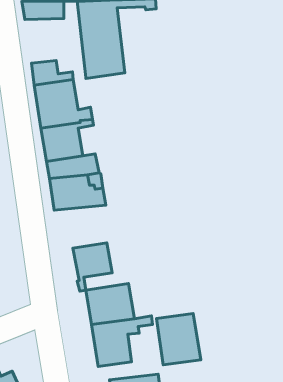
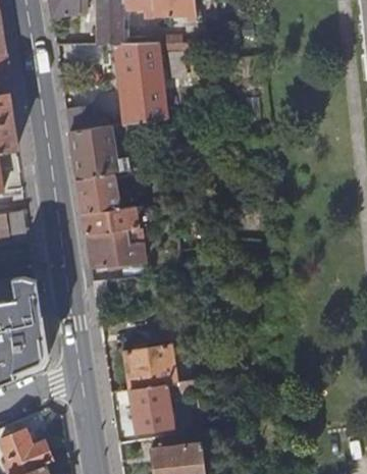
building: [73,243,112,291] -> none
building: [157,314,201,365] -> none

